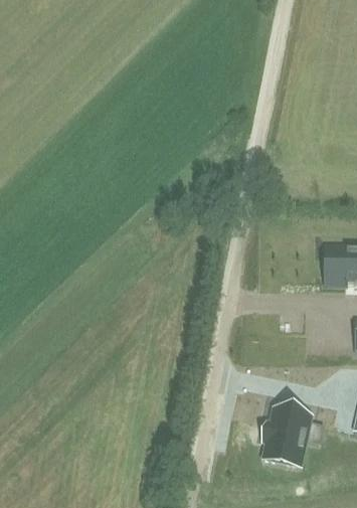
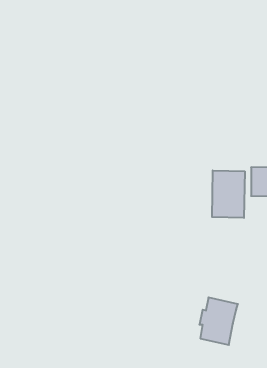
building: none -> [212,170,245,218]

